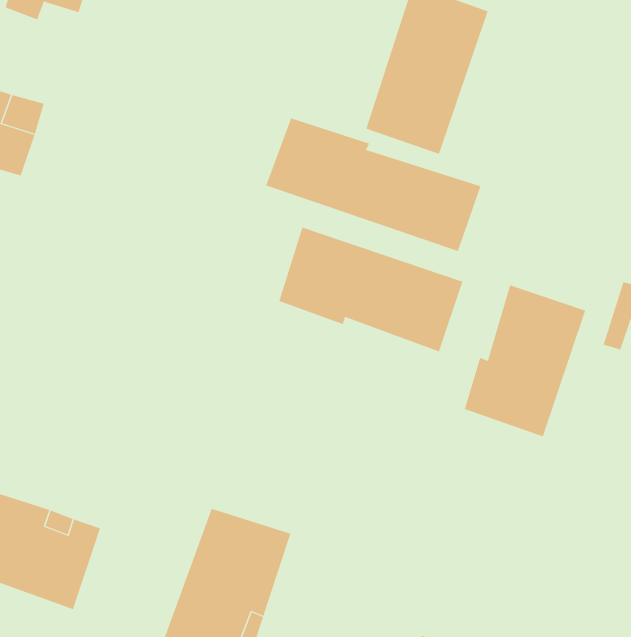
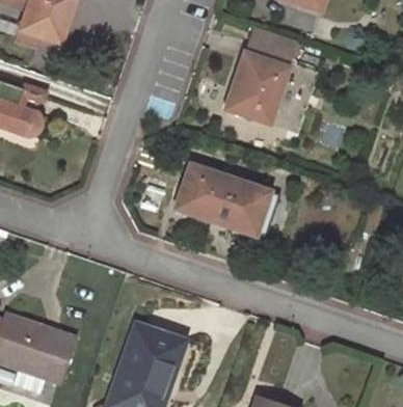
building: [266,117,481,252] -> none
building: [464,284,586,437] -> none

